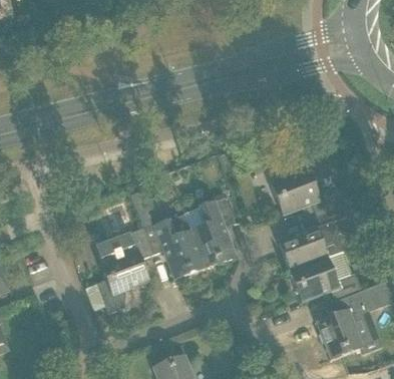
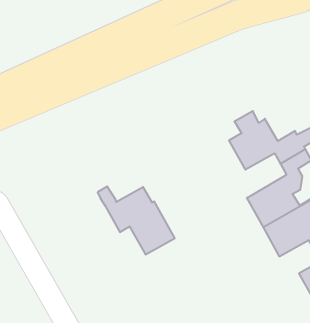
building: [189,197,235,268] -> none
building: [94,227,152,313] -> none

